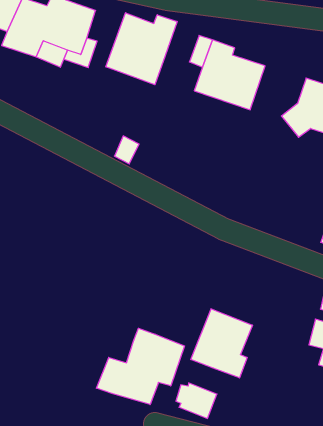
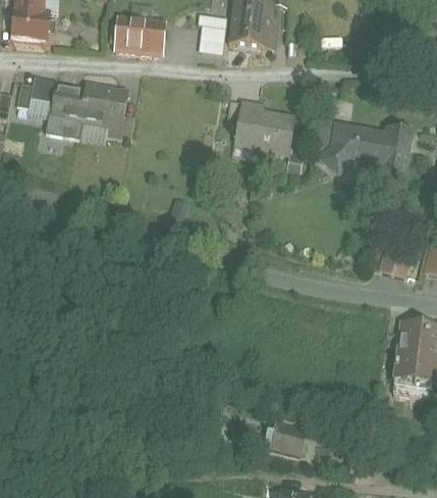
building: [106,13,177,85] -> none
building: [191,309,252,378] -> none
building: [96,328,185,405] -> none

